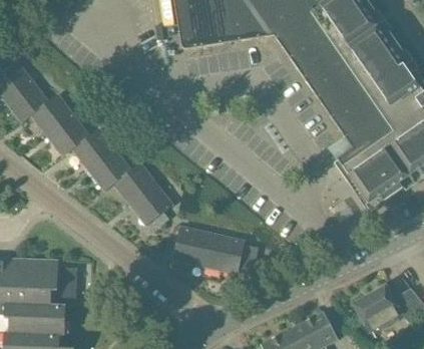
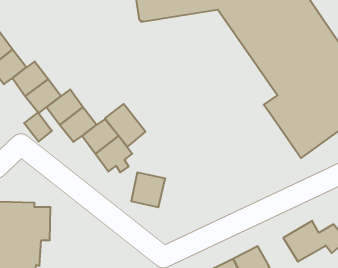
building: none -> [105,104,145,147]
building: none -> [24,112,52,142]
building: [204,234,245,275] -> none

